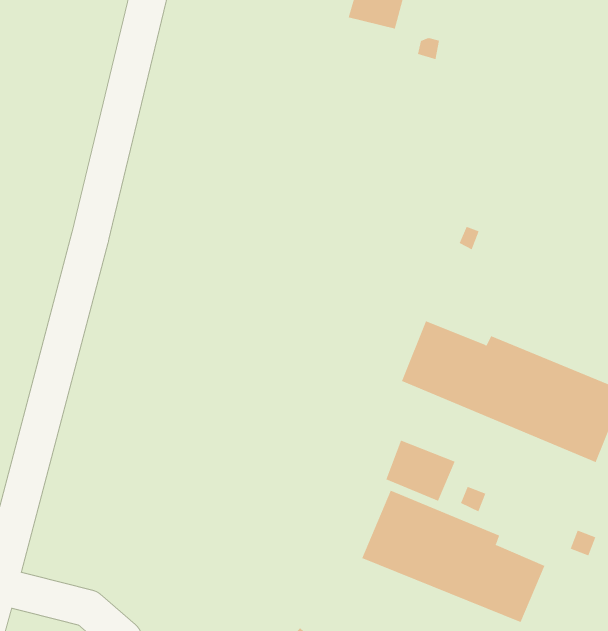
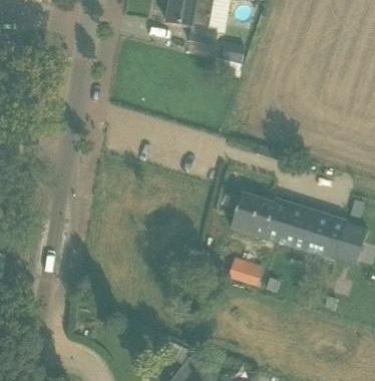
building: [362,490,545,623] -> none

